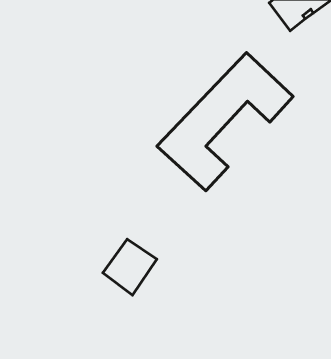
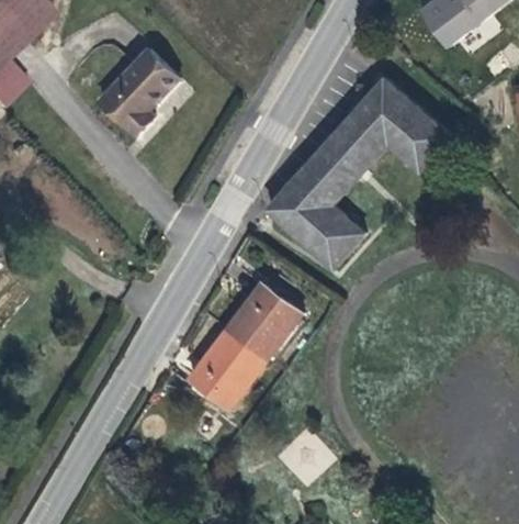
building: none -> [95,59,177,146]
building: none -> [225,279,301,358]

